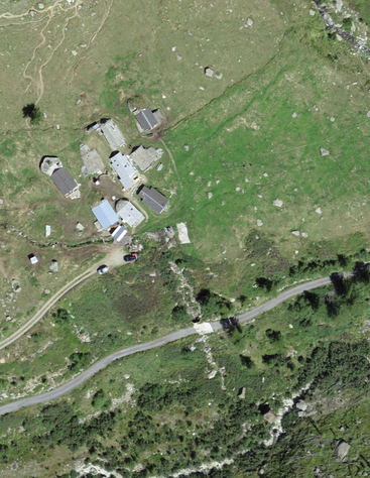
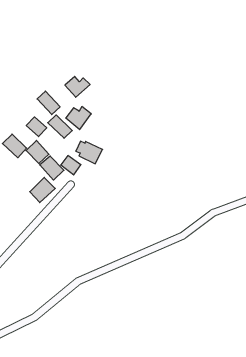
building: none -> [26,140,49,164]
building: none -> [30,177,55,203]

